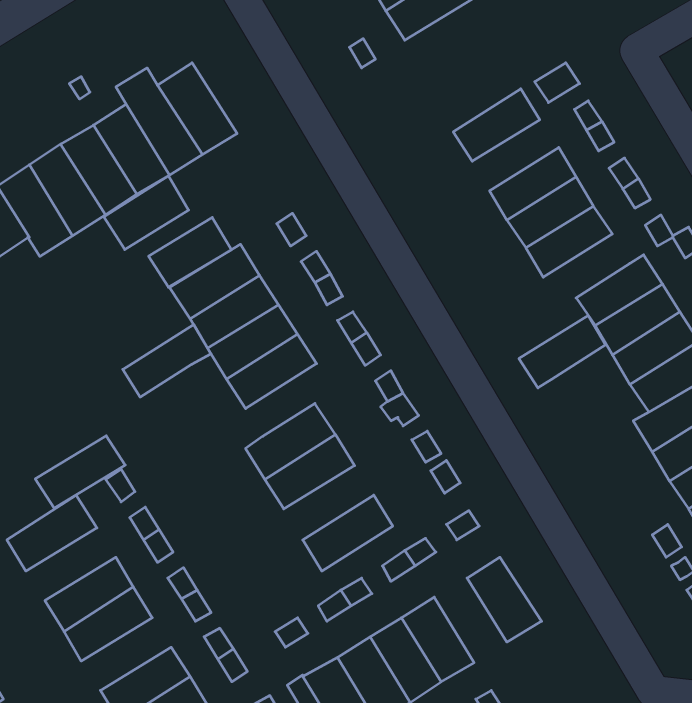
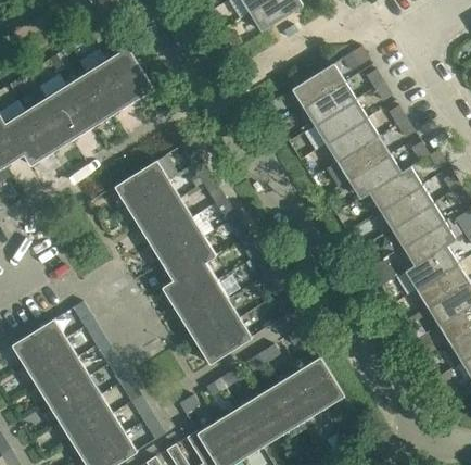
building: none -> [303,81,357,126]
building: [104,176,189,250] -> none
building: [149,217,231,287] -> none
building: [519,315,605,388] -> [347,153,402,199]
building: [123,324,211,397] -> [161,235,216,280]
building: [35,436,125,508] -> [23,338,79,384]
building: none -> [184,299,241,345]
building: none -> [279,369,324,423]
building: none -> [58,394,114,440]

